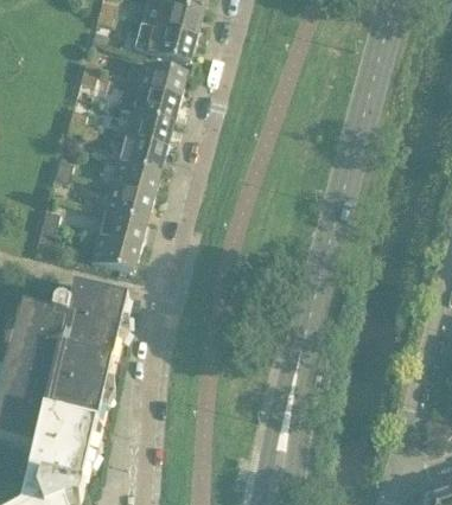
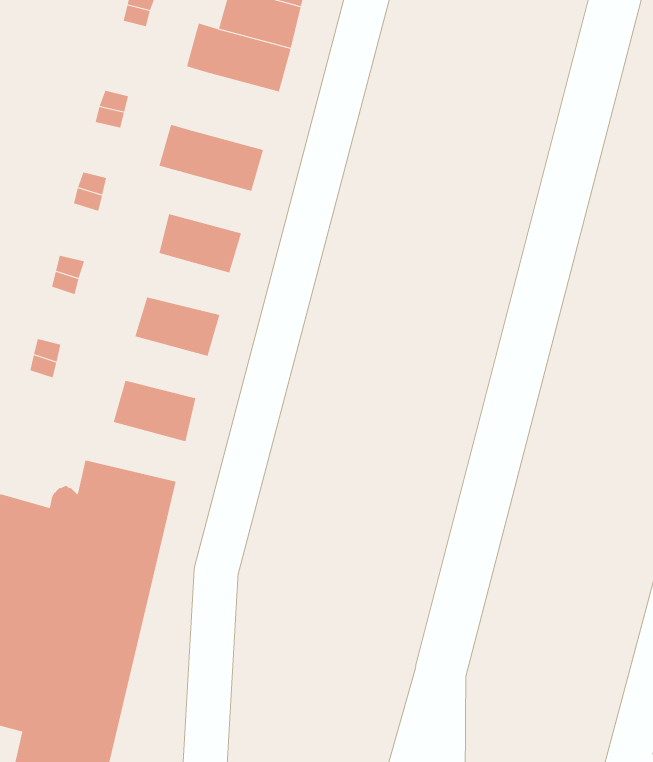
building: [138,55,189,92] -> none
building: [125,106,174,142] -> none
building: [112,154,161,191] -> none
building: [98,204,148,241] -> none

